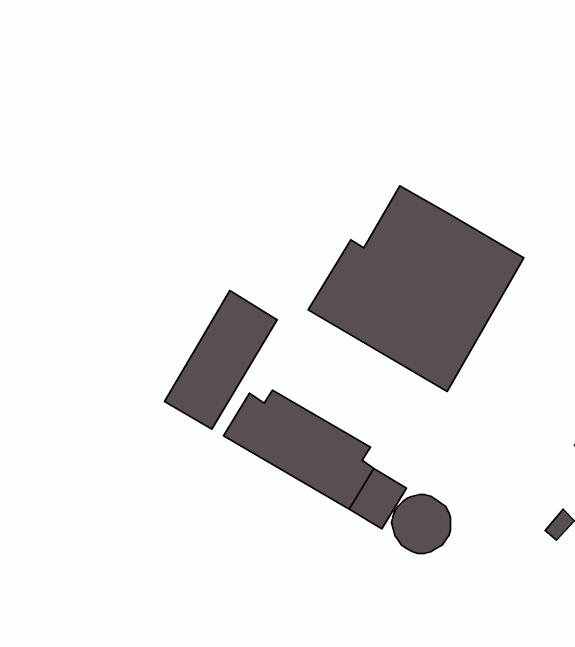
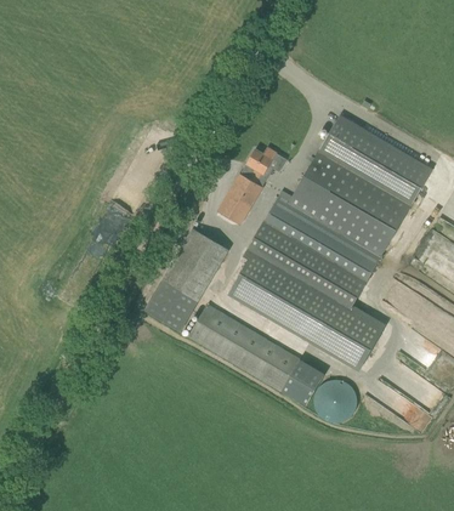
building: none -> [319,118,431,203]
building: none -> [219,148,277,223]
building: none -> [228,242,386,370]

